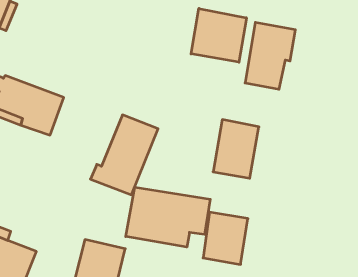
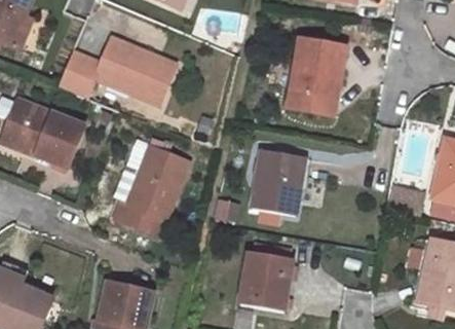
building: [191,8,246,62] -> none
building: none -> [56,36,176,103]
building: [126,187,210,247] -> none

